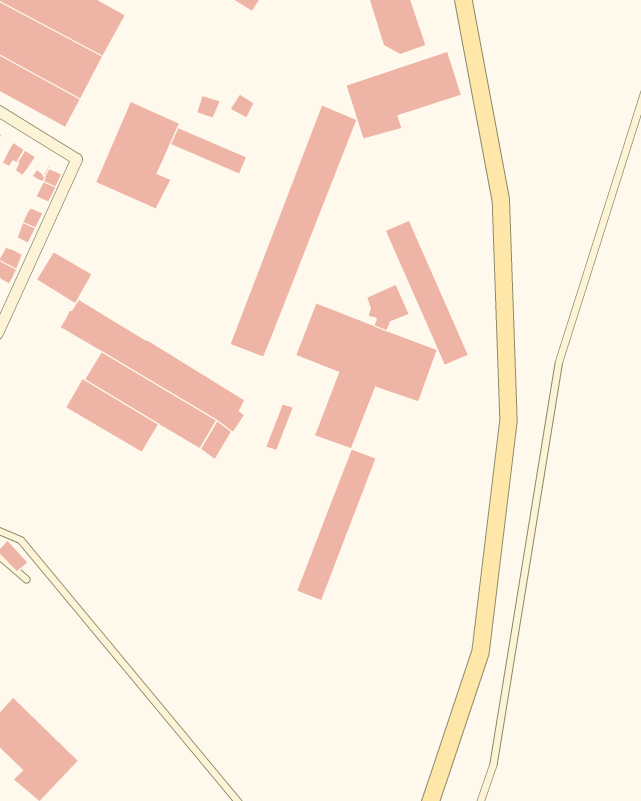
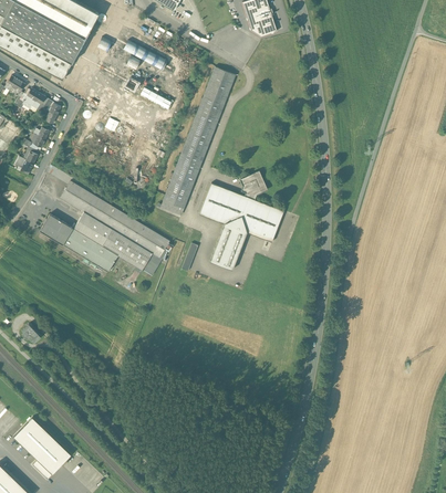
building: [346,51,461,139] -> none
building: [95,101,180,209] -> none
building: [385,220,468,366] -> none
building: [36,252,92,304] -> [40,214,73,245]
building: [297,449,376,601] -> none

